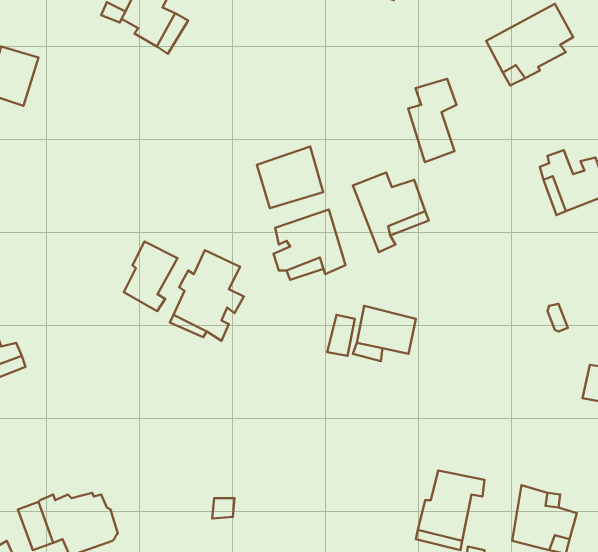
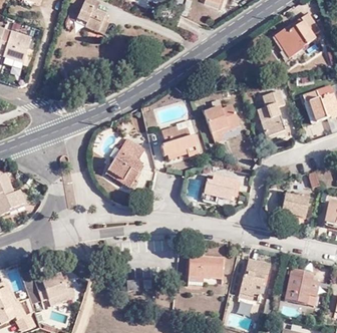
building: [408,79,456,162] -> [258,91,284,136]
building: [257,146,323,208] -> none
building: [124,241,178,311] -> none
building: none -> [282,196,311,217]
building: none -> [186,255,225,285]

